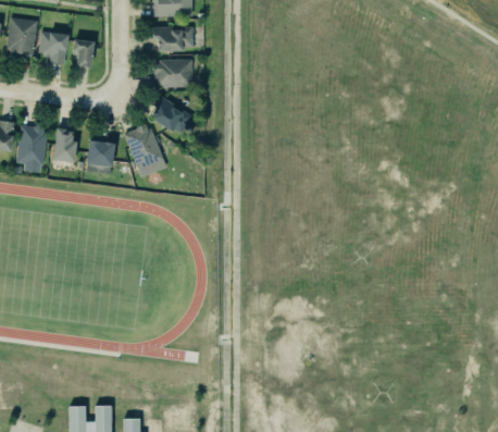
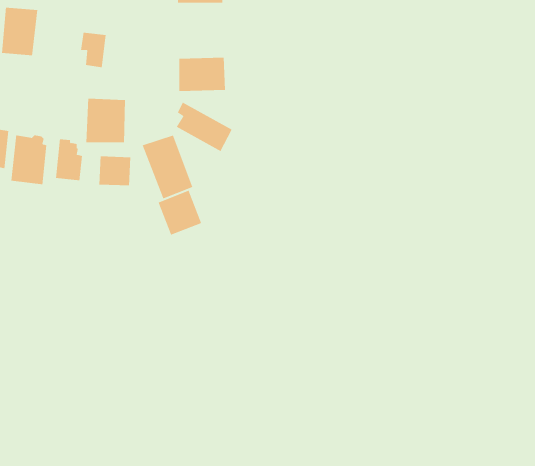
building: [151,24,192,50] -> none
building: [39,30,70,63] -> none
building: none -> [86,98,126,143]
building: none -> [158,190,202,235]

